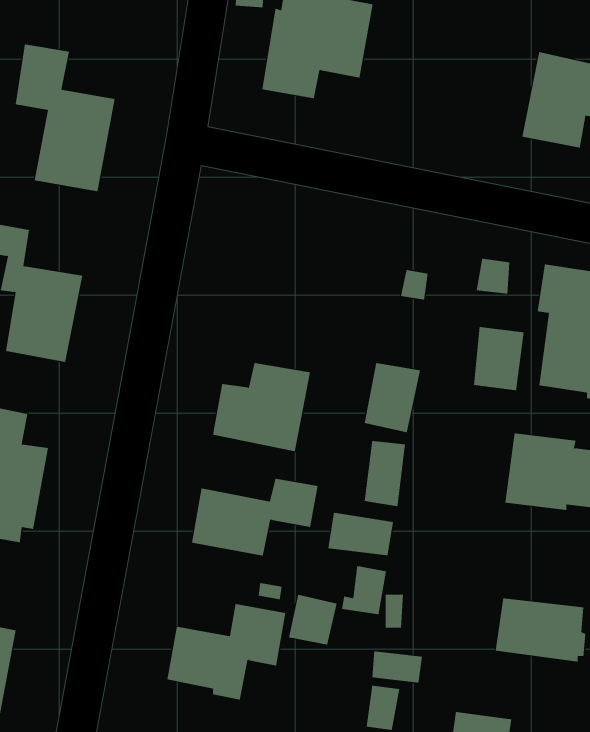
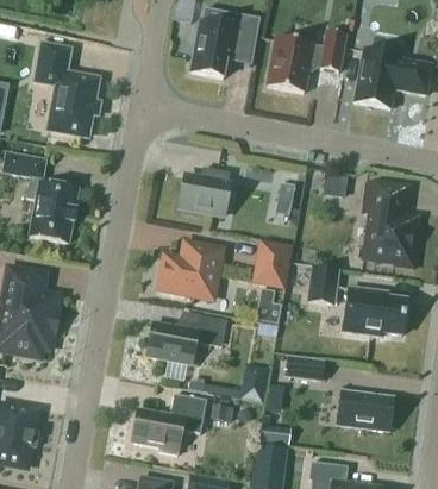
building: none -> [267,30,345,92]
building: none -> [179,168,229,214]
building: [473,326,524,391] -> [306,264,338,305]
building: [327,512,394,556] -> [282,353,324,381]

